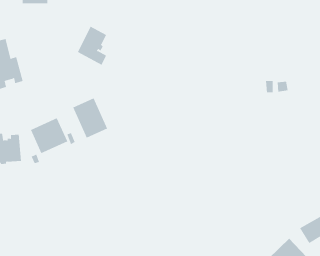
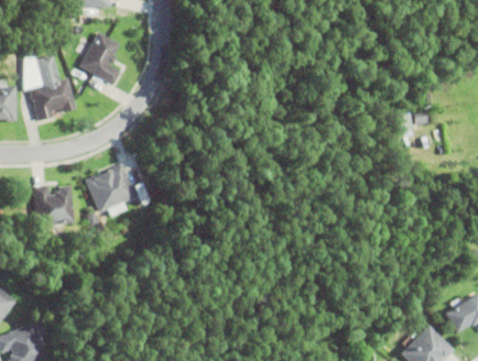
building: [77,26,107,65] -> [79,33,119,86]
building: [72,97,108,139] -> none

